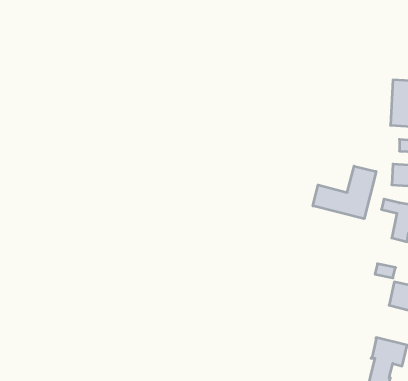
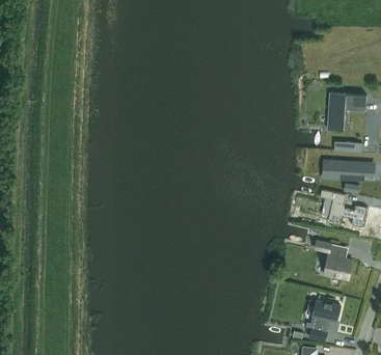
building: [313,166,376,219] -> none

